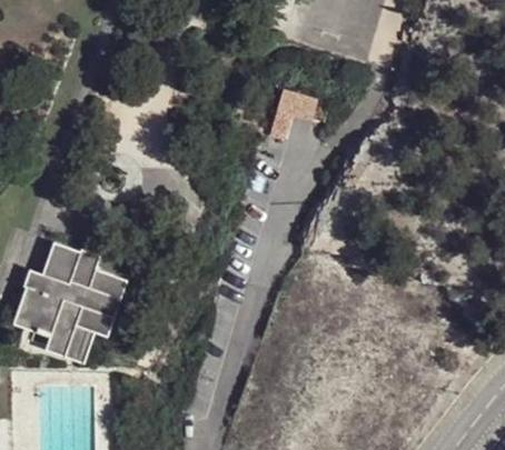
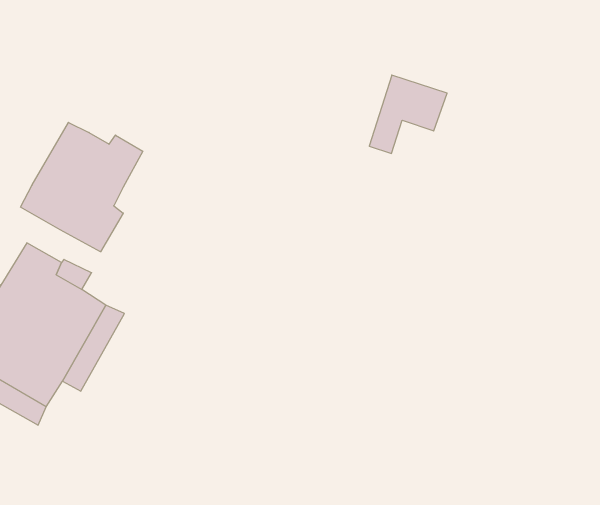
building: none -> [21,122,143,252]

